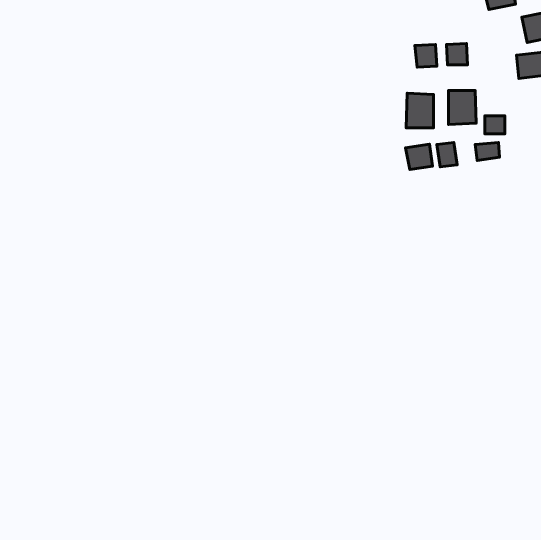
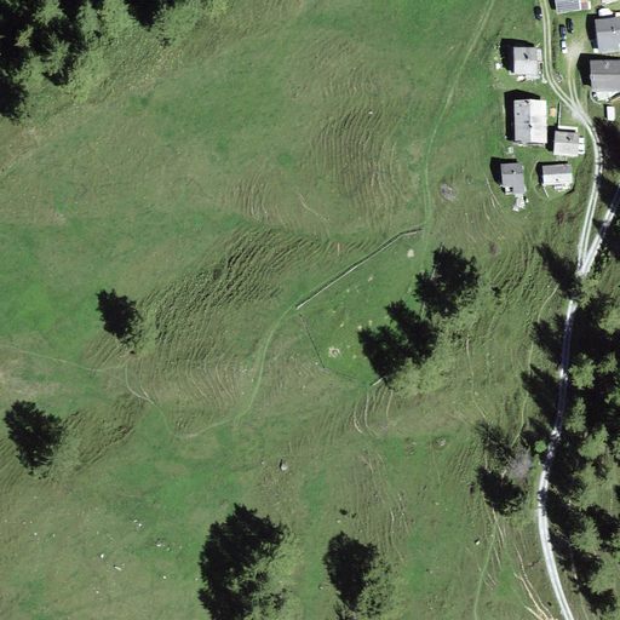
building: [415,44,437,67] -> none
building: [406,93,433,128] -> none
building: [406,144,433,169] -> none

